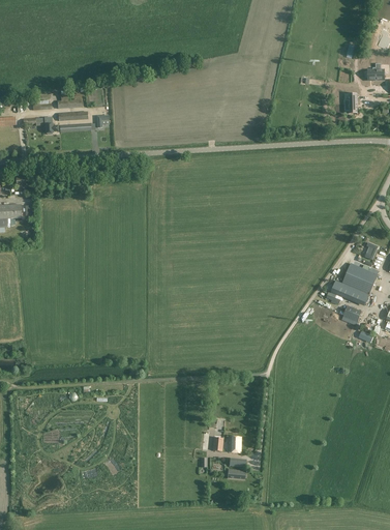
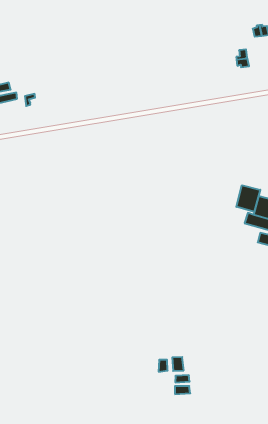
building: none -> [236,185,260,212]

